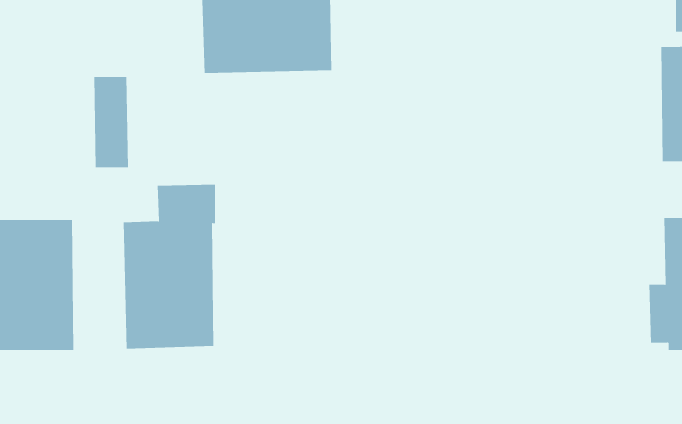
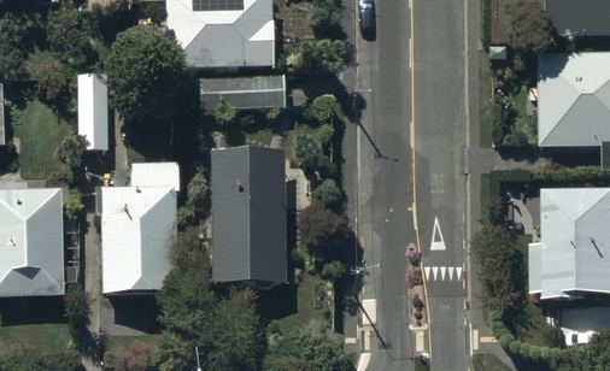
building: none -> [201,73,286,108]
building: none -> [211,151,287,287]

